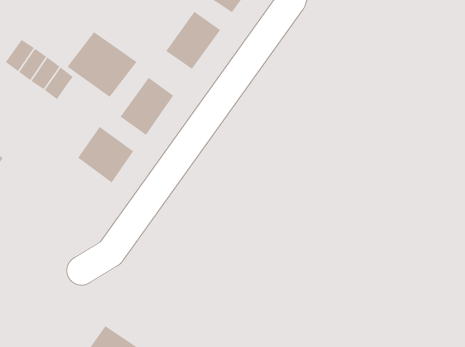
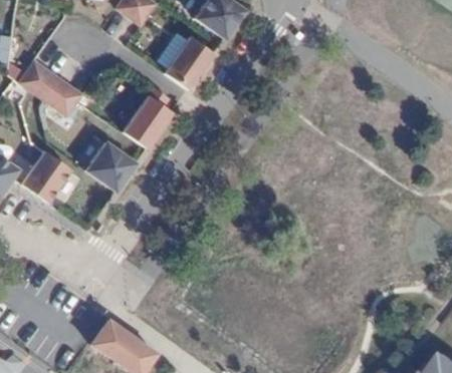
building: [66,31,137,98] -> none
building: none -> [22,150,71,201]

